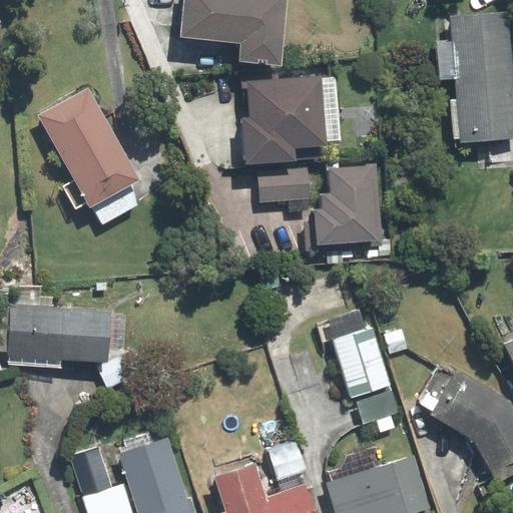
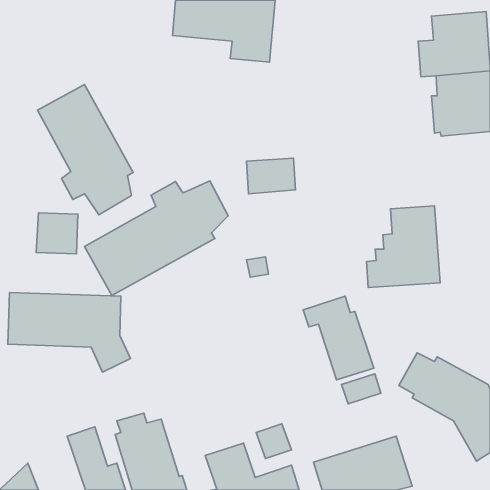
building: [243,75,340,163] -> none
building: [305,164,382,249] -> [366,206,440,287]
building: none -> [84,181,228,296]
building: none -> [36,213,78,254]

